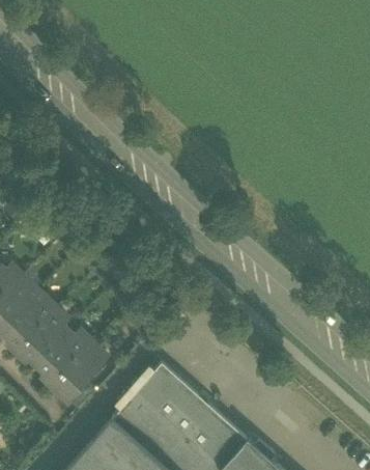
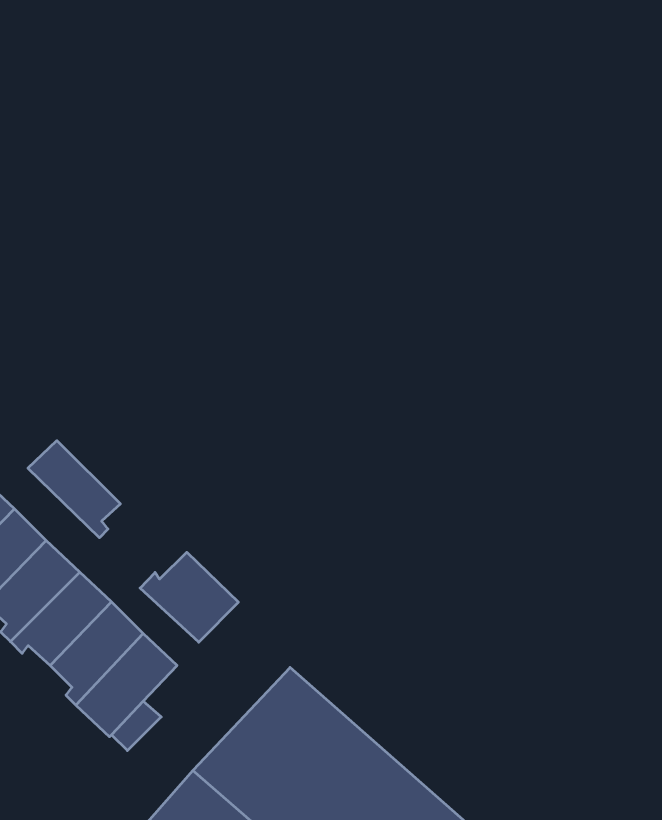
building: none -> [28,441,120,538]
building: none -> [140,552,238,642]

